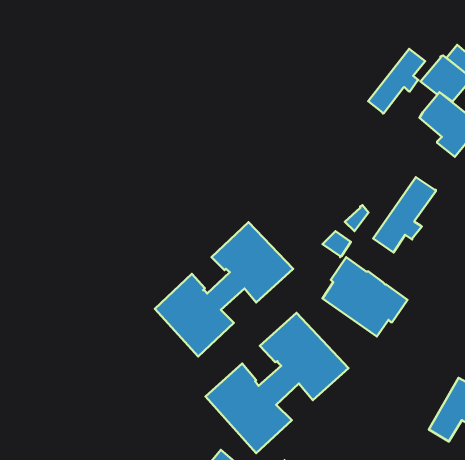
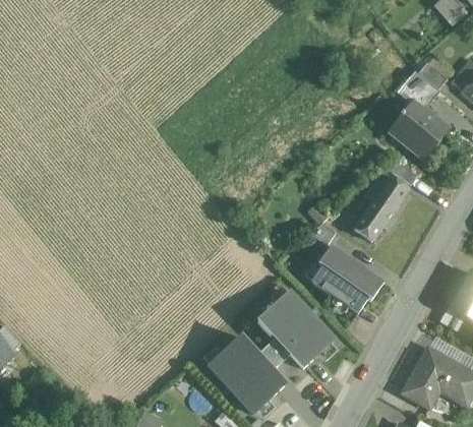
building: [368,49,425,114] -> none
building: [155,222,293,356] -> none

